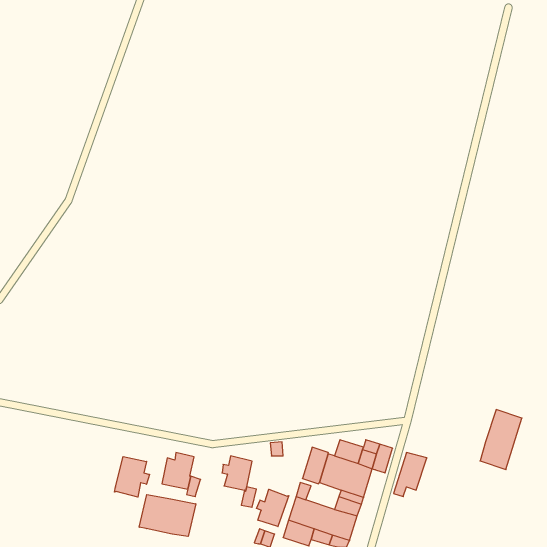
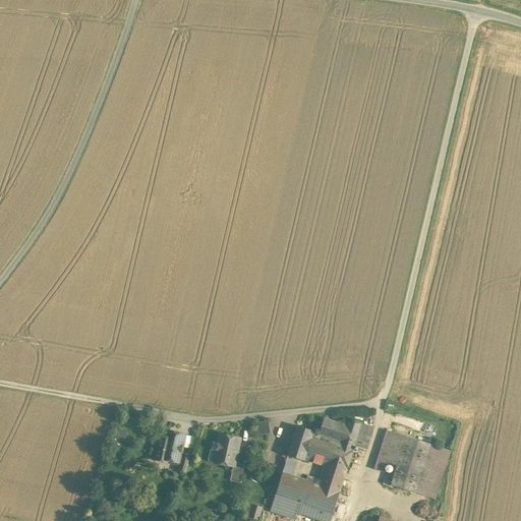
building: [480,410,522,470] -> [390,435,429,491]
building: [115,457,150,497] -> none
building: [256,489,289,527] -> none
building: [139,495,196,536] -> none

